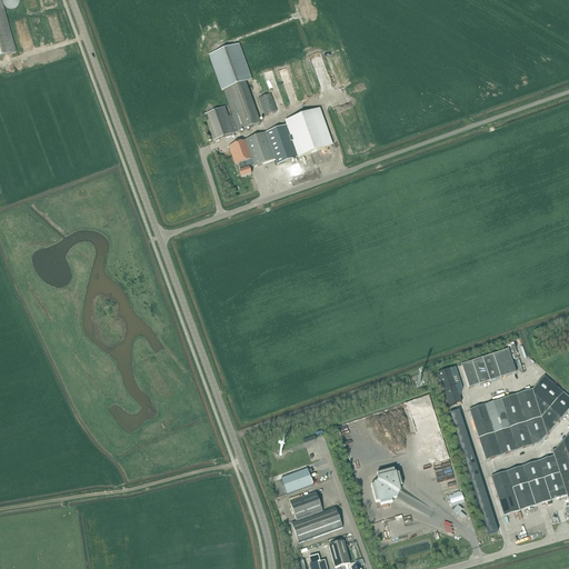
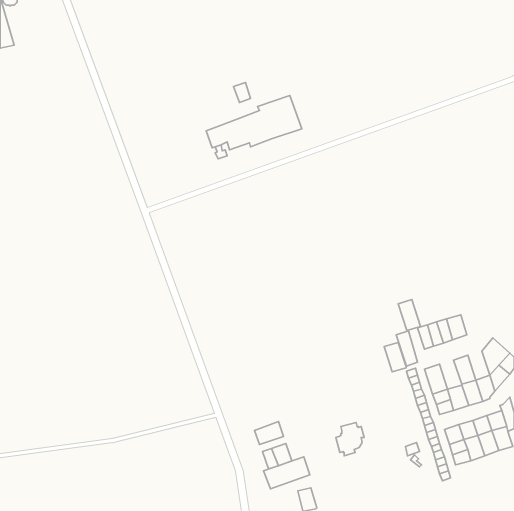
building: [203,41,261,138] -> none
building: none -> [398,300,421,331]
building: [517,388,541,420] -> none
building: [486,398,510,430] -> [384,343,406,372]

